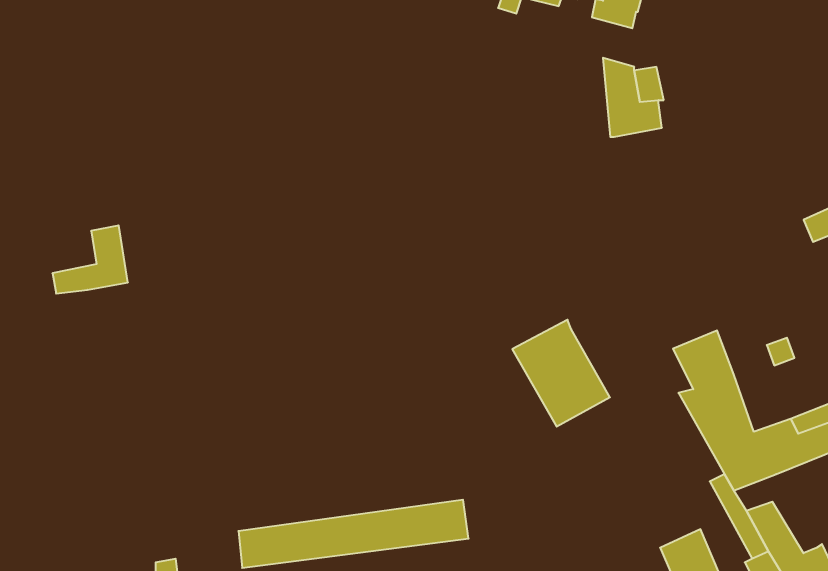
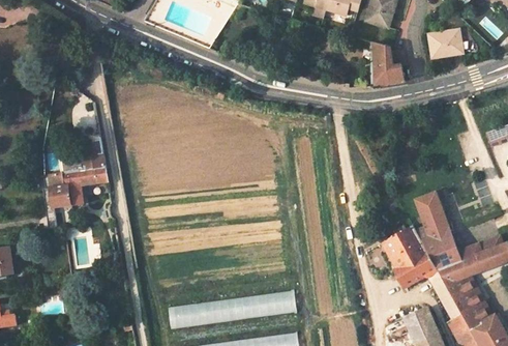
building: none -> [426,29,458,58]
building: none -> [47,168,107,209]
building: [512,320,610,427] -> [381,225,436,285]
building: none -> [445,276,491,320]

